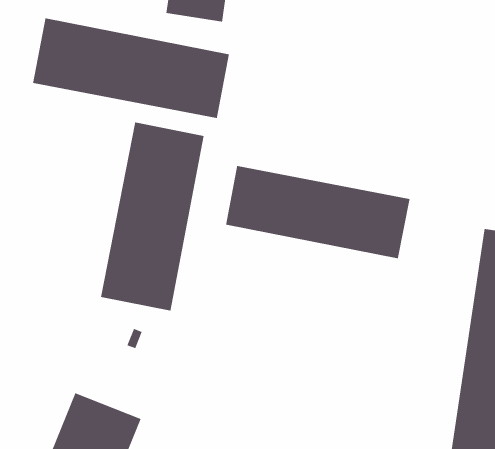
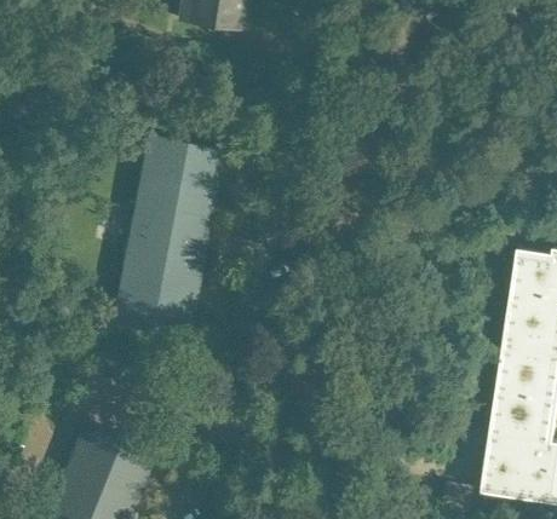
building: [32,17,230,119] -> none
building: [226,165,410,259] -> none

